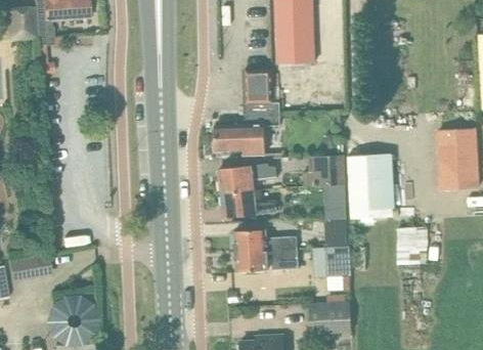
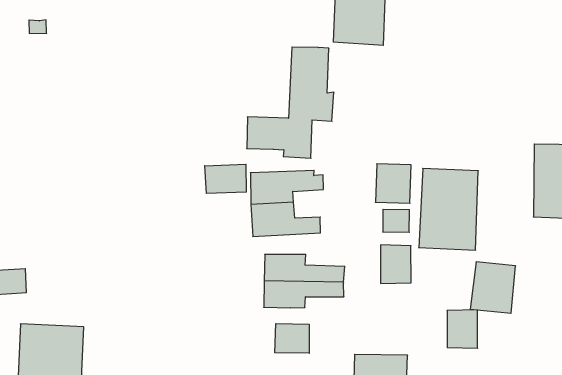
building: none -> [205,164,246,193]
building: [324,246,350,276] -> [447,310,478,348]
building: none -> [275,324,309,353]

